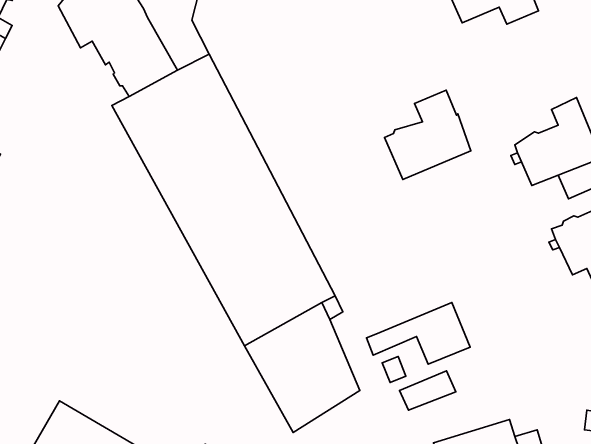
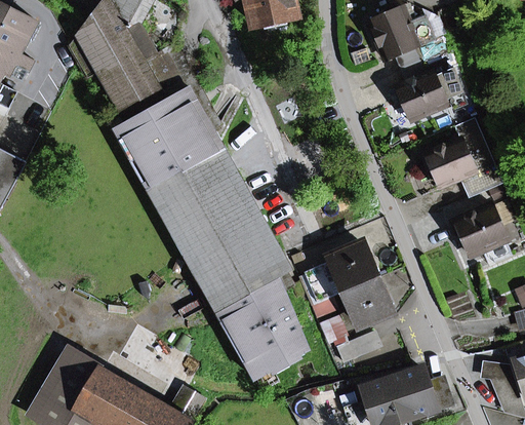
building: [384,90,471,180] -> [396,48,463,118]
building: none -> [305,242,376,301]

